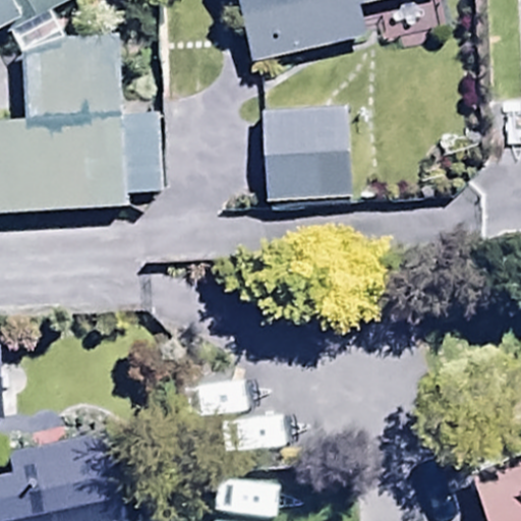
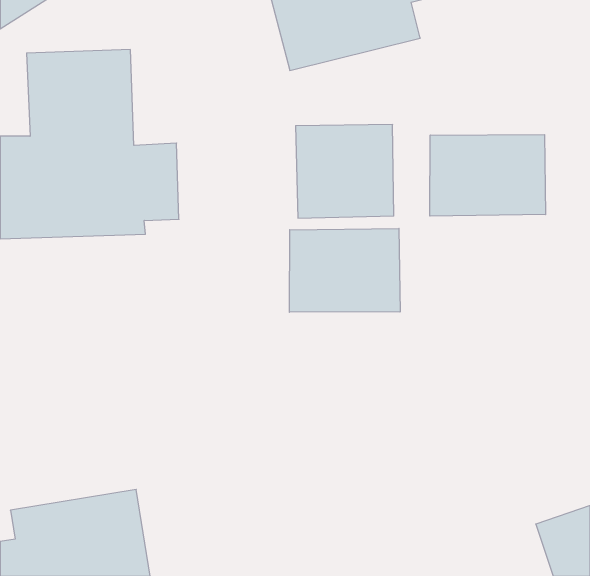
building: none -> [430,135,546,216]
building: none -> [289,228,400,312]

